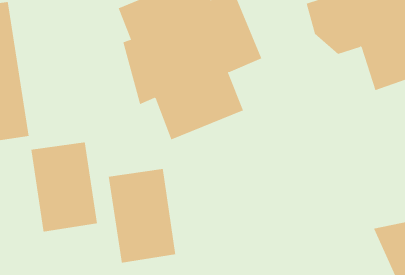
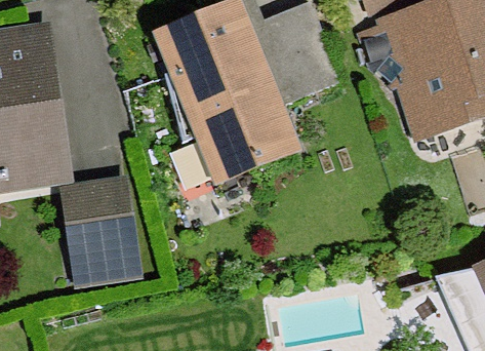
building: [108,168,176,264] -> none

